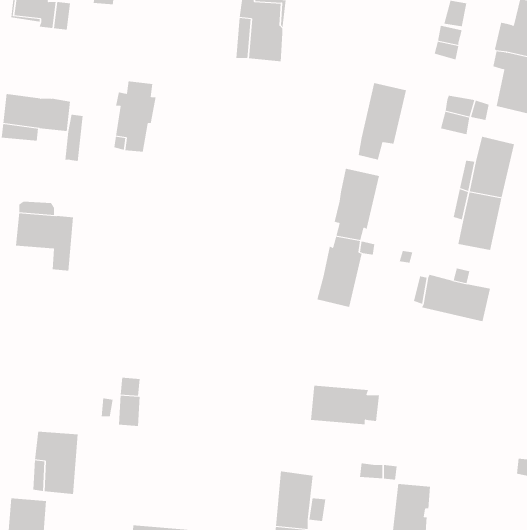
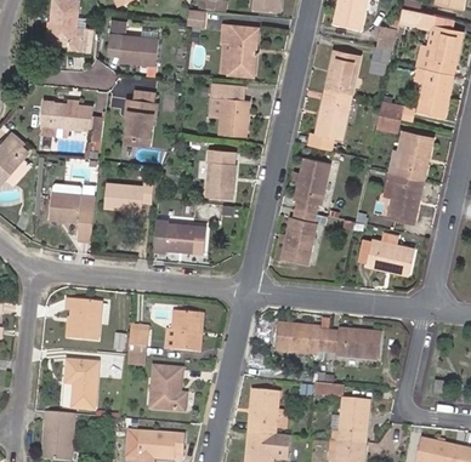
building: none -> [109,35,158,65]
building: none -> [324,51,358,98]
building: none -> [212,82,250,137]
building: none -> [206,150,235,199]
building: none -> [103,182,153,211]
building: none -> [153,218,206,252]
building: none -> [68,298,101,338]
building: none -> [172,310,202,350]
building: none -> [327,330,380,359]
building: none -> [151,363,186,407]

